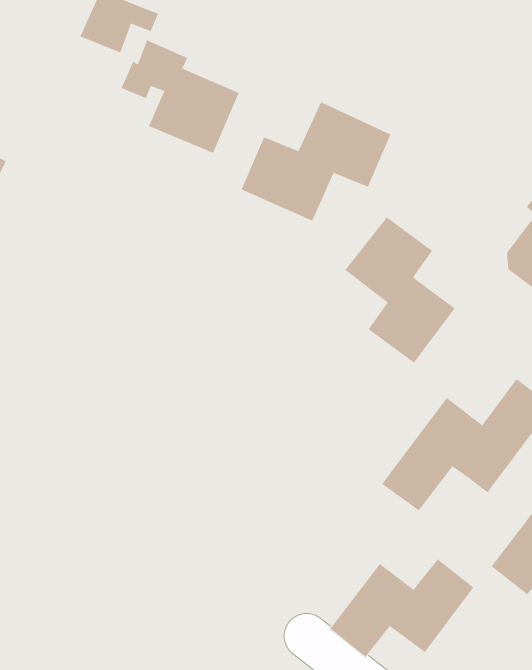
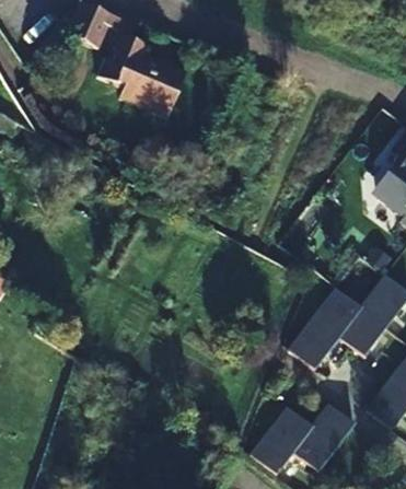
building: [241,101,391,222] -> none
building: [345,217,455,363] -> none

